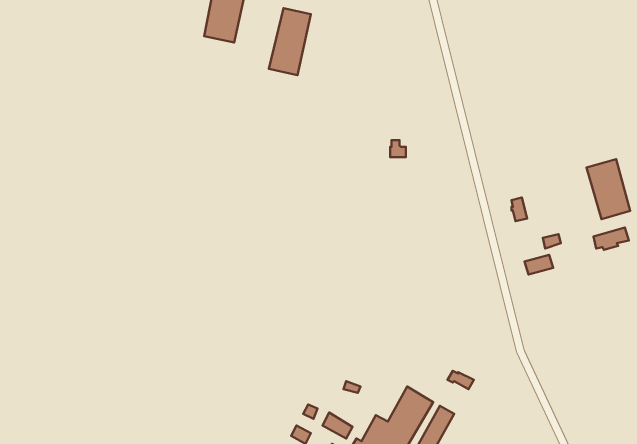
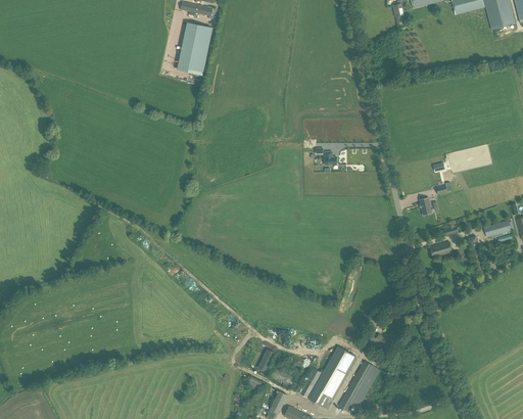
building: [269,8,311,75] -> none
building: [587,159,630,219] -> none

